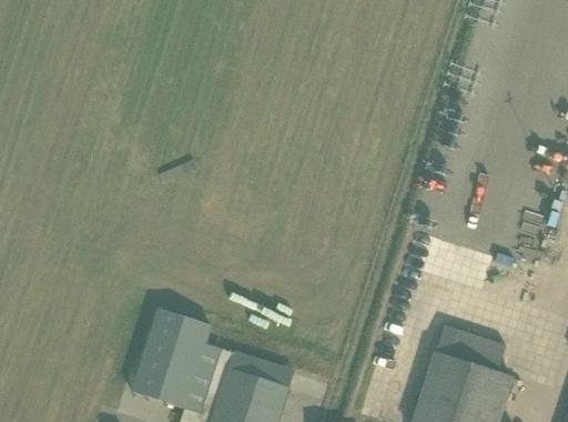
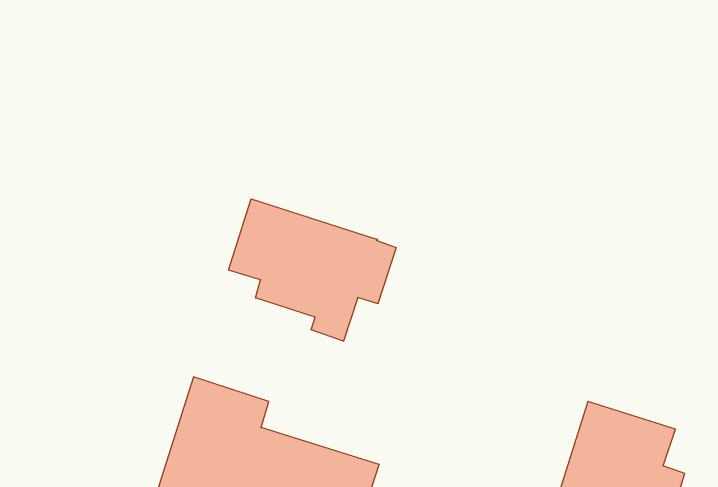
building: none -> [228,199,396,341]

